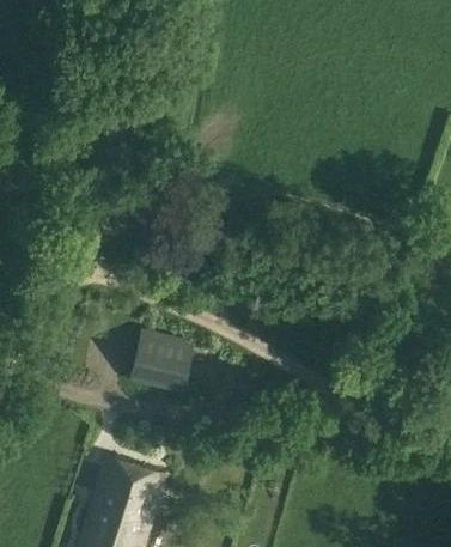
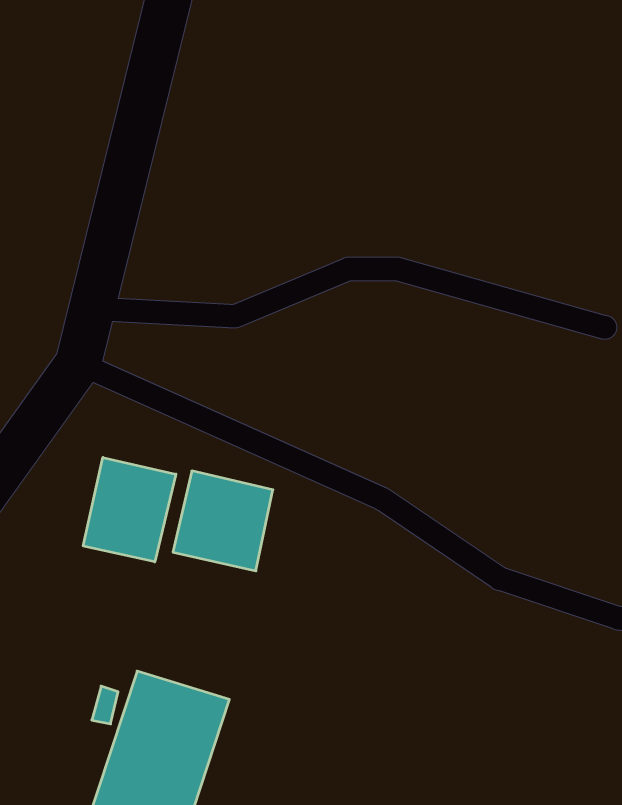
building: none -> [83,457,176,562]

